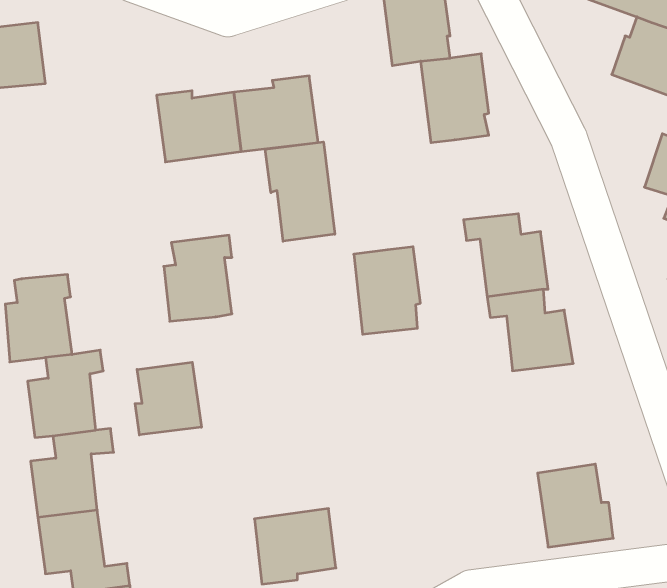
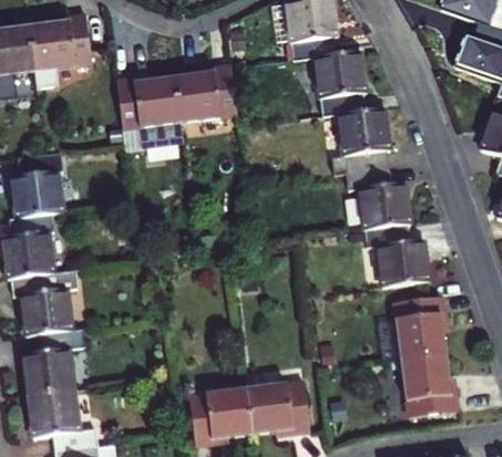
building: none -> [29,13,93,71]
building: [265,142,335,241] -> none
building: [164,235,232,321] -> [12,153,63,217]
building: [354,247,420,334] -> [340,107,390,173]
building: [135,362,201,435] -> none
building: none -> [395,297,448,362]
building: none -> [246,381,310,434]

